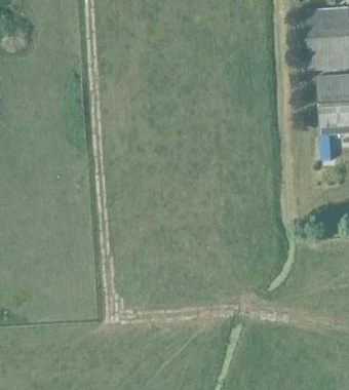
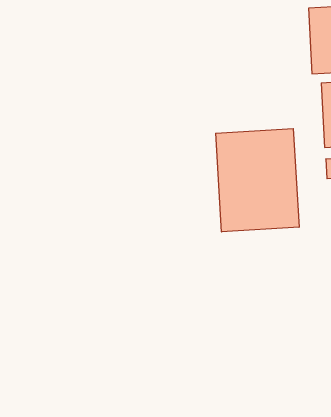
building: none -> [216,129,299,232]

